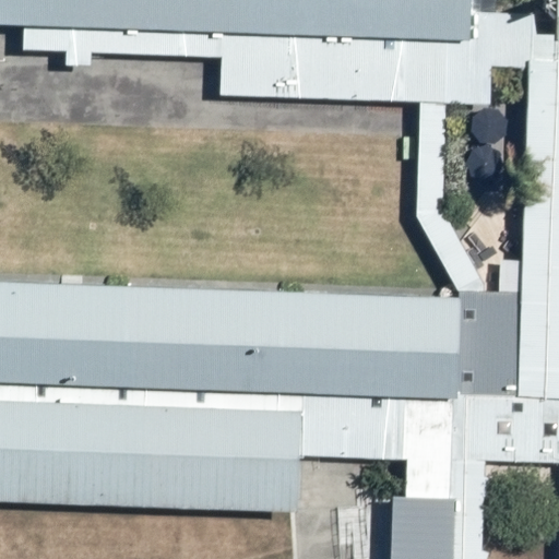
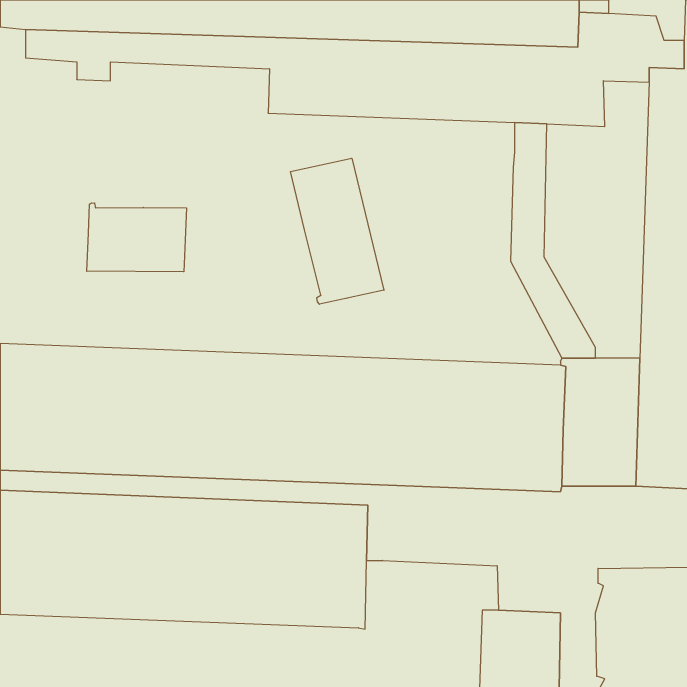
building: none -> [291,158,384,304]
building: none -> [87,203,186,272]

